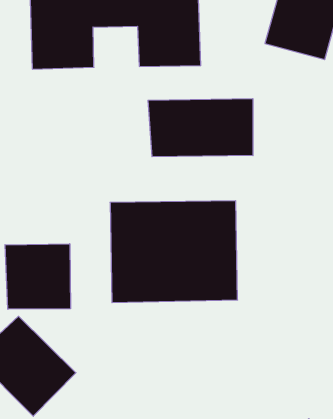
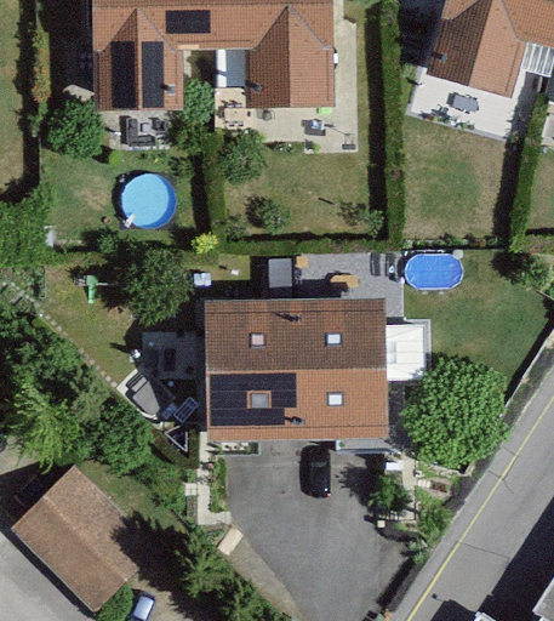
building: [148,99,253,157] -> none
building: [5,244,70,309] -> none

